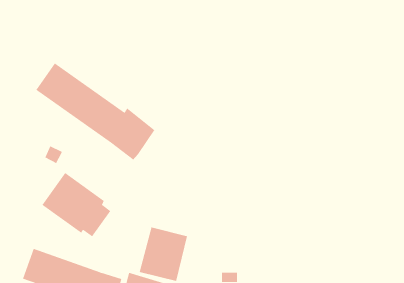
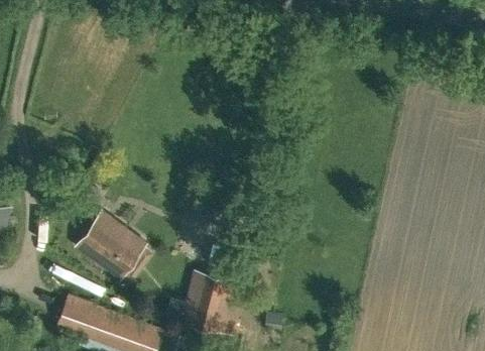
building: [36,62,155,161] -> none

